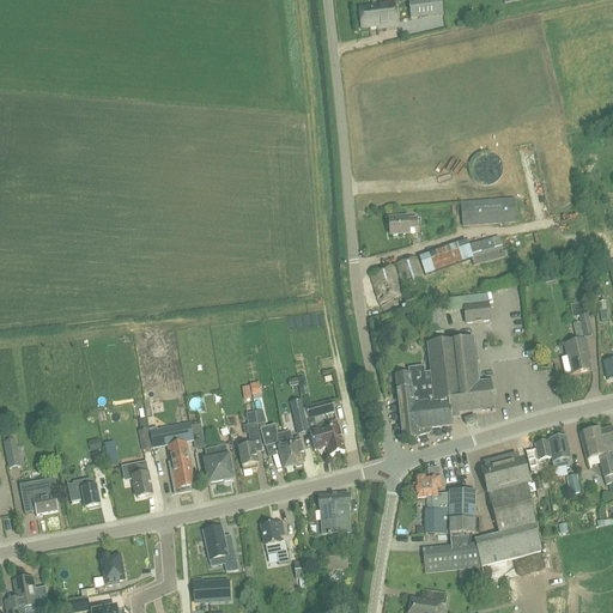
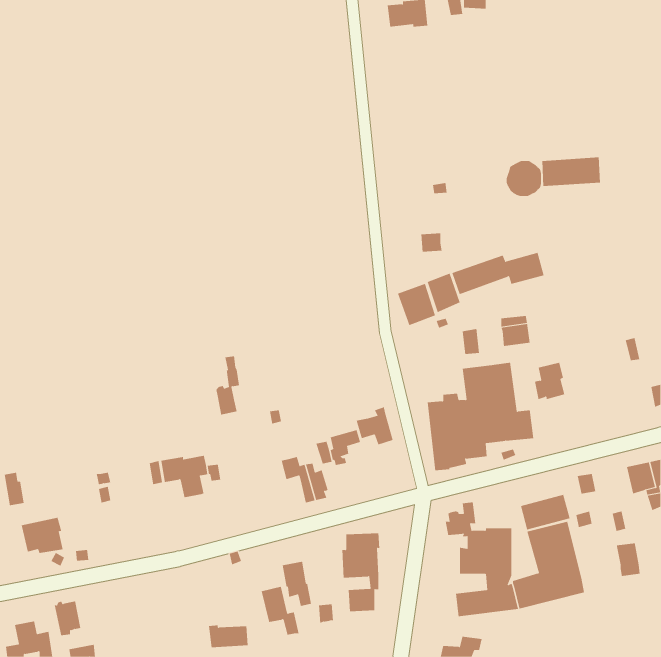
building: [461,196,516,224] -> [541,157,601,187]
building: [560,336,589,371] -> [534,362,565,400]
building: [237,409,260,465] -> [215,356,240,415]
building: [310,418,345,454] -> [356,406,394,445]
building: [548,435,571,466] -> [616,543,641,576]
building: [205,444,232,481] -> none
building: [169,457,194,491] -> none
building: [122,460,152,496] -> none
building: [68,475,99,506] -> none
building: [202,524,238,570] -> [261,586,300,635]
building: [99,552,125,584] -> [54,601,81,636]

